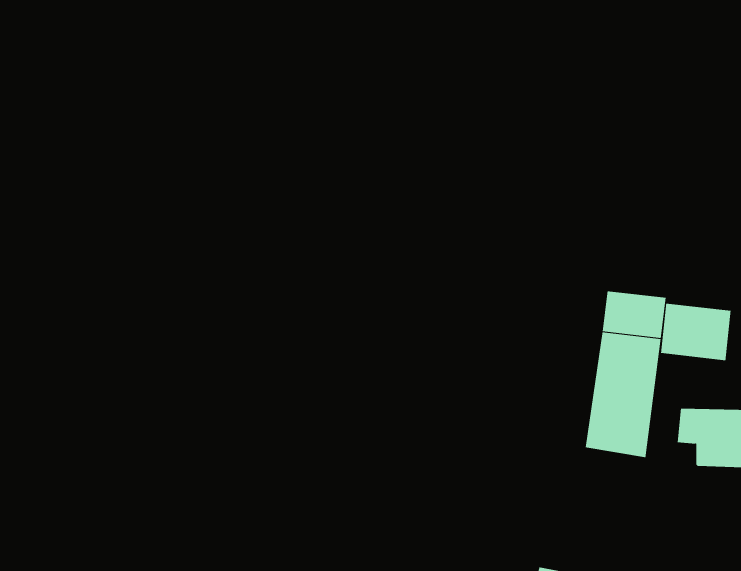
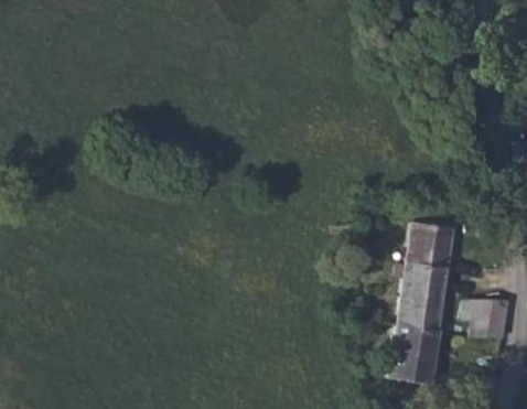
building: [661,303,731,361] -> none
building: none -> [391,323,439,386]

